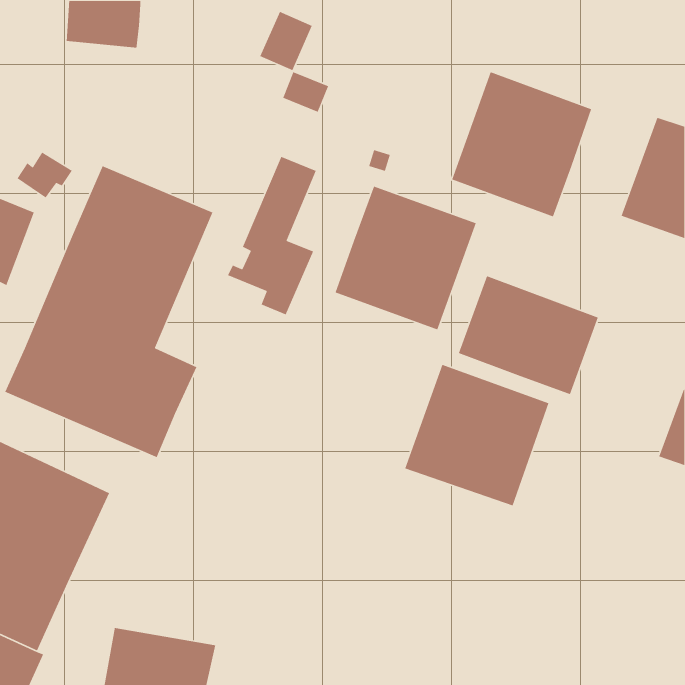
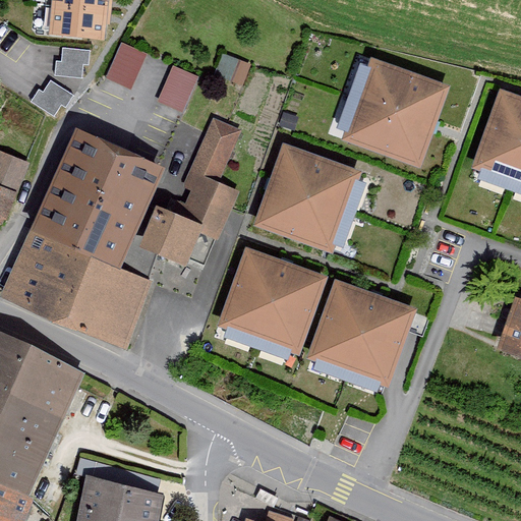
building: [259,11,313,71] -> [157,65,197,111]
building: none -> [105,43,146,90]
building: none -> [54,47,90,77]
building: [16,152,73,199] -> [31,80,73,116]
building: none -> [139,202,201,262]
building: [458,275,599,395] -> none
building: none -> [217,244,328,353]

